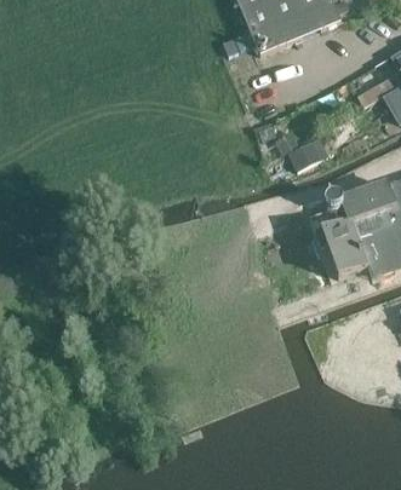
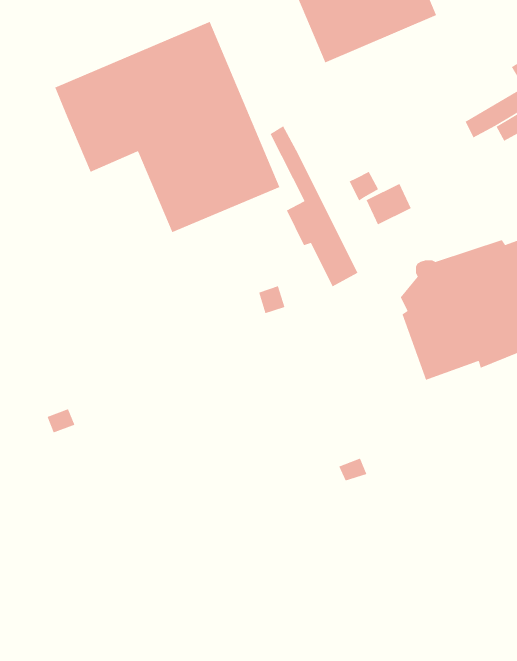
building: none -> [54,21,281,233]
building: none -> [270,125,358,287]

